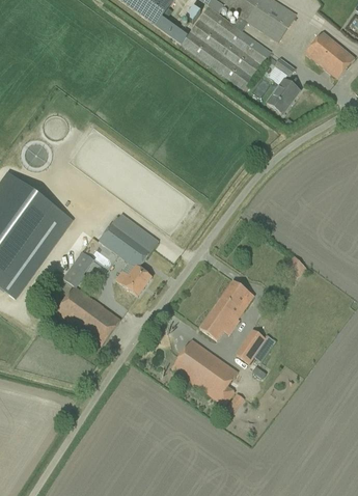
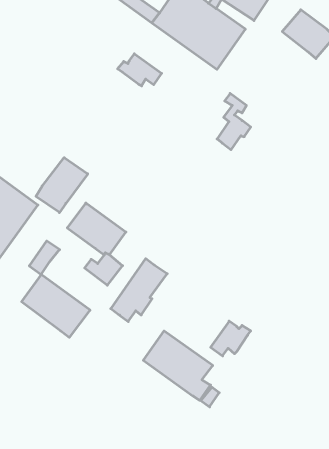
building: [268,57,300,111] -> [217,93,251,150]
building: none -> [118,54,162,86]
building: none -> [36,158,88,213]
building: [200,279,254,339] -> [111,259,167,322]

